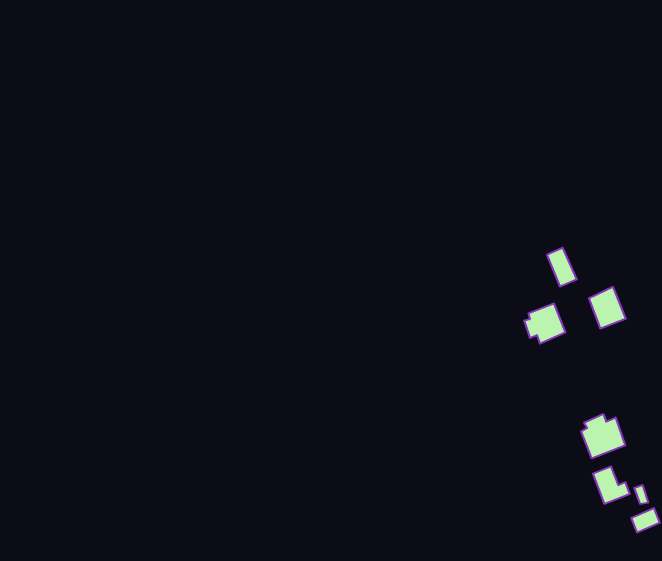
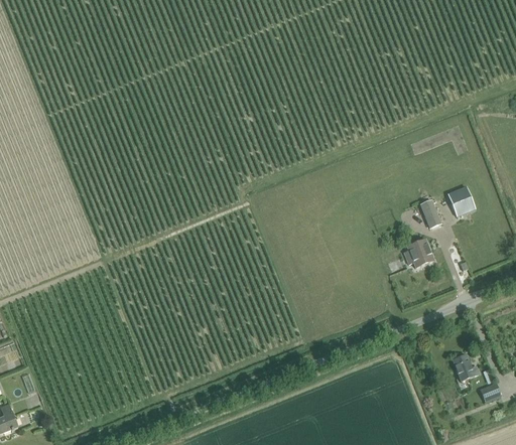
building: [589,287,626,328] -> [448,186,475,215]
building: [581,414,625,458] -> none

